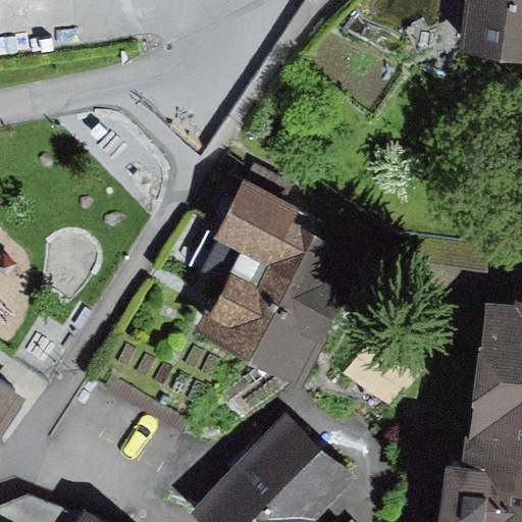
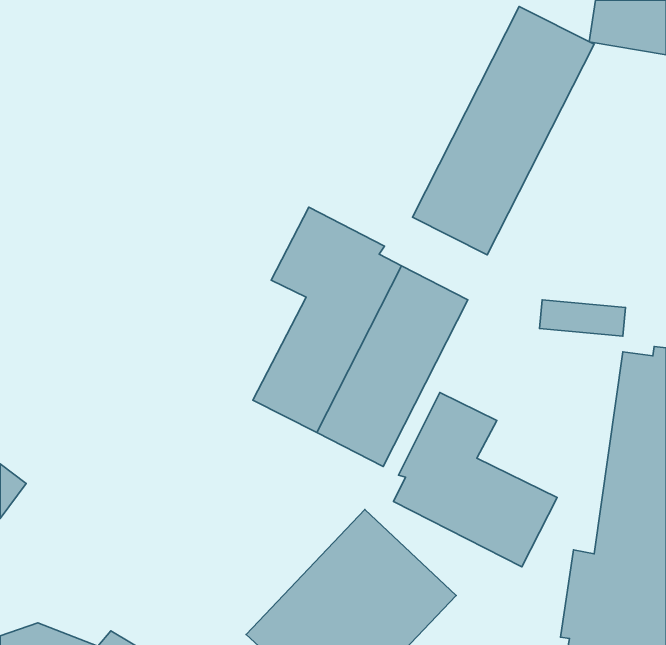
building: none -> [412,6,594,255]
building: none -> [394,393,557,567]

